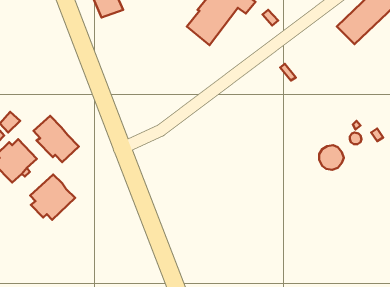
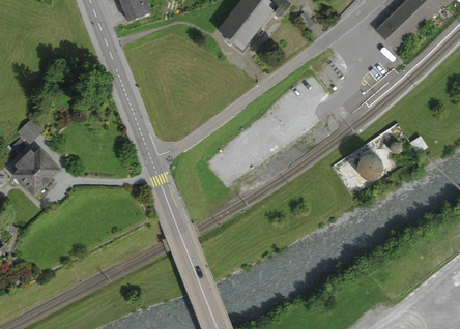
building: [33,116,79,162] -> none
building: [30,174,75,220] -> none

